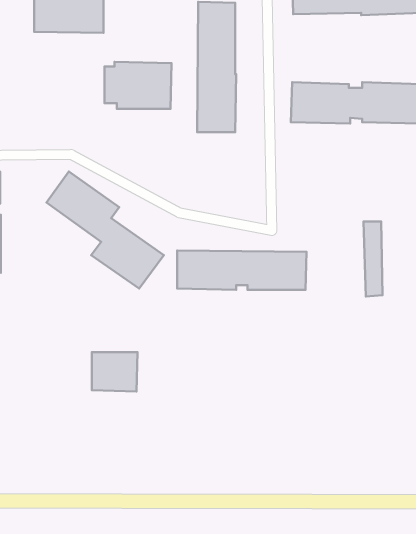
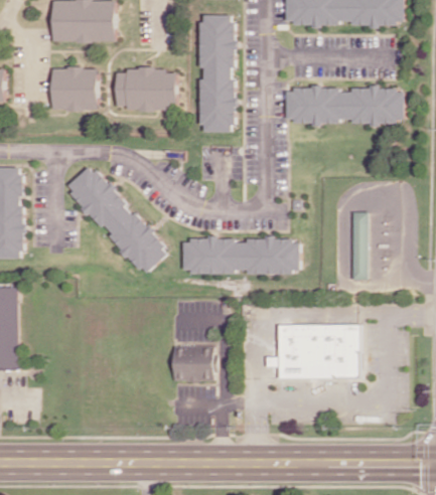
building: none -> [51,67,97,111]
building: none -> [278,324,360,379]
building: [92,352,138,391] -> [172,346,213,381]

